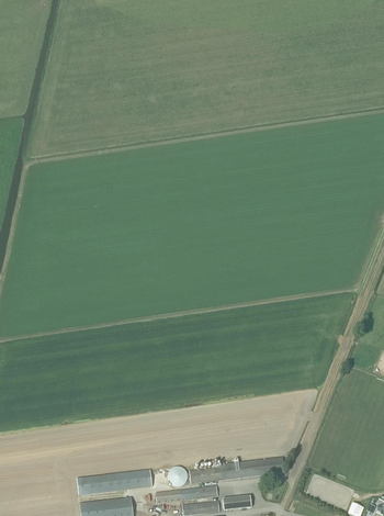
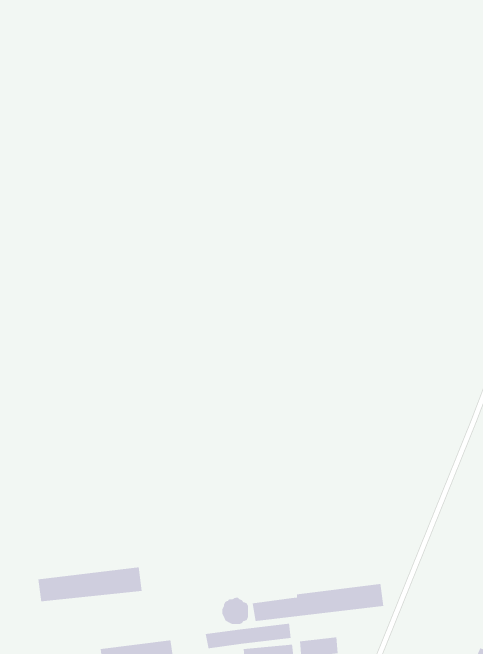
building: [78,470,154,495] -> [37,567,142,602]

